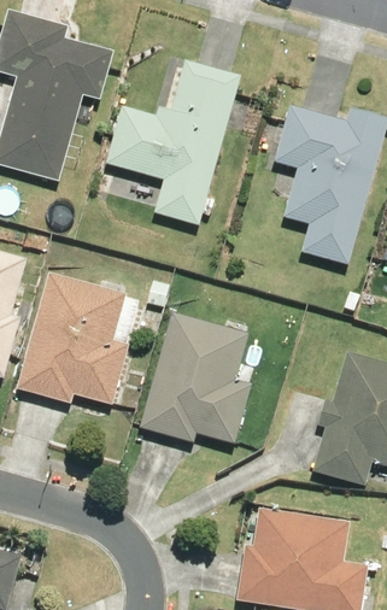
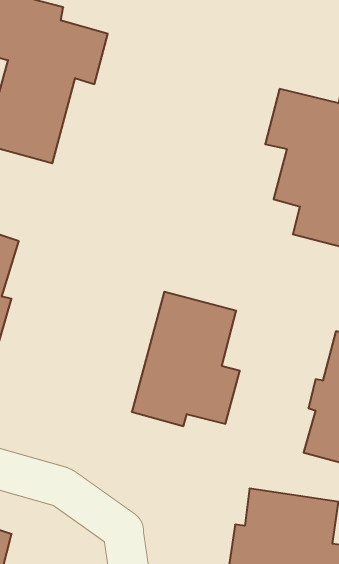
building: [104,60,239,223] -> none
building: [14,269,131,406] -> none

